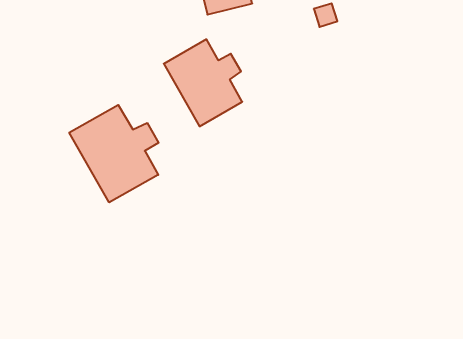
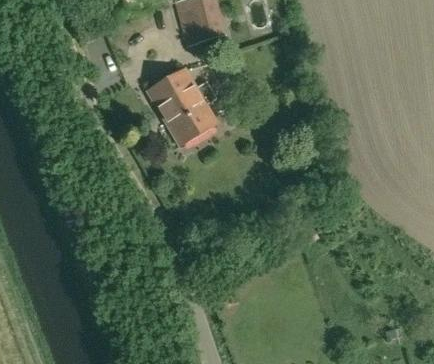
building: [69,105,159,202] -> none

